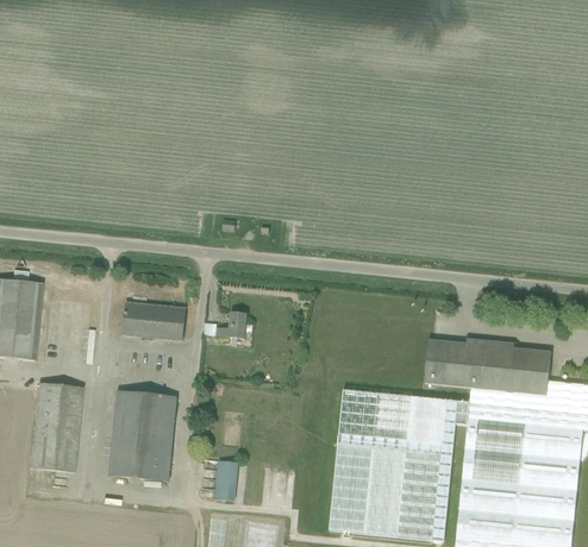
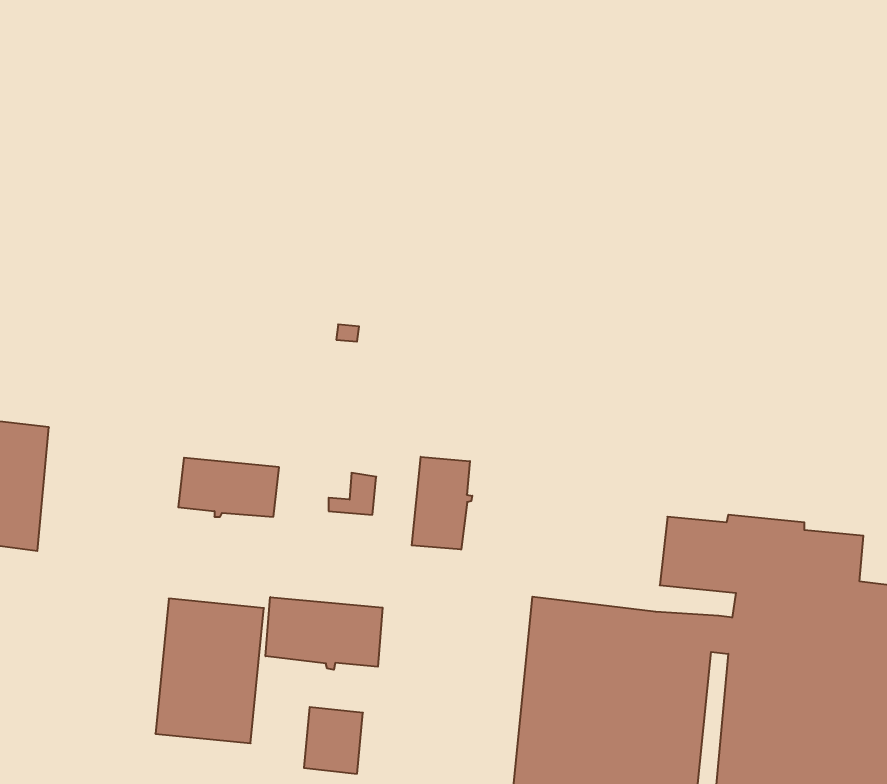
building: none -> [412,457,472,550]
building: [30,383,82,471] -> none
building: none -> [266,597,383,670]

